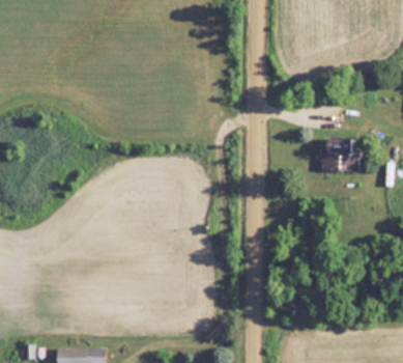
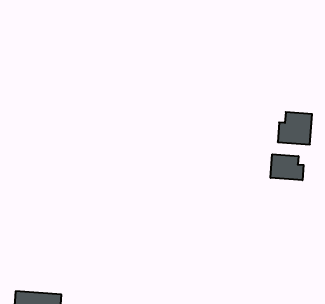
building: none -> [271,154,304,180]

